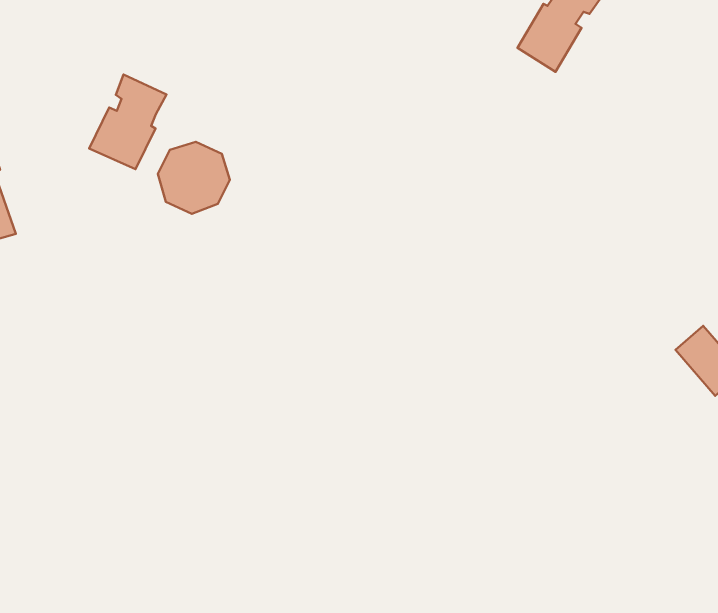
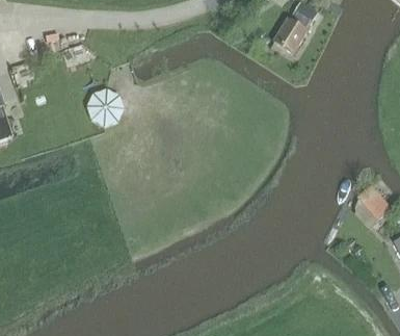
building: [89,74,167,169] -> none

